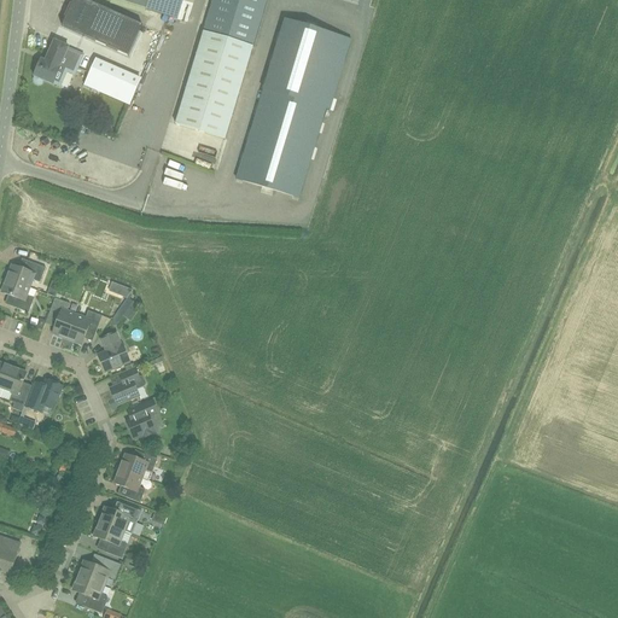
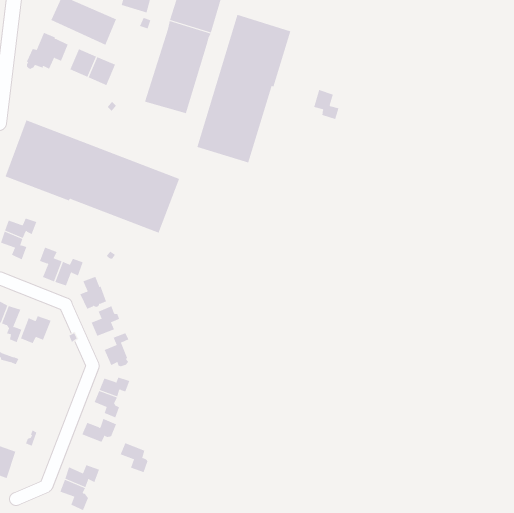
building: none -> [314,89,339,120]
building: none -> [5,119,180,234]
building: [92,520,126,556] -> [120,443,148,473]

